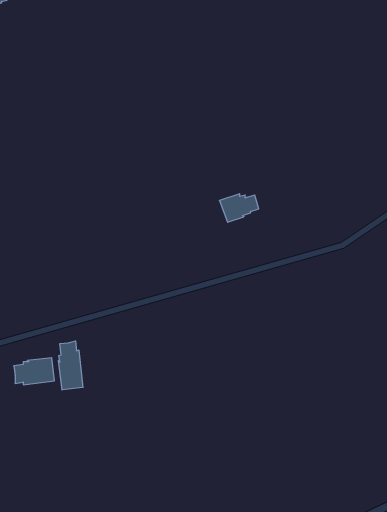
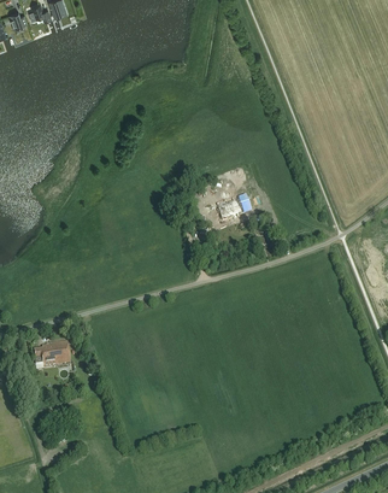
building: [58,341,83,390] -> none

